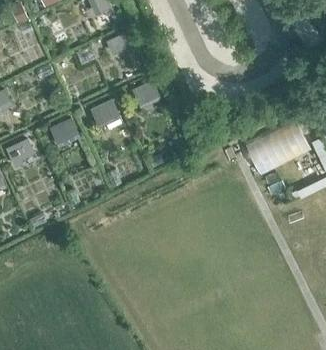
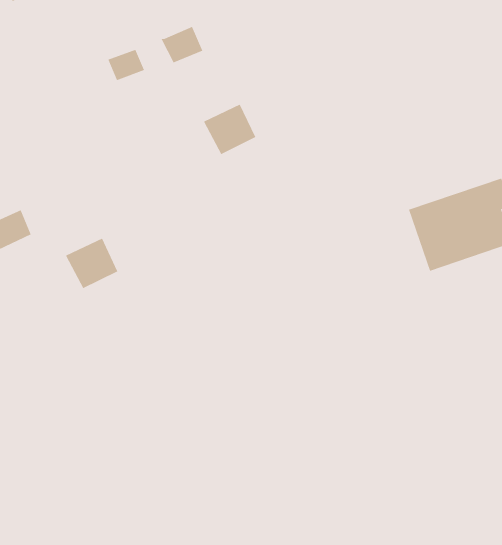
building: [90,98,120,127] -> none
building: [50,118,80,147] -> [65,238,118,289]

